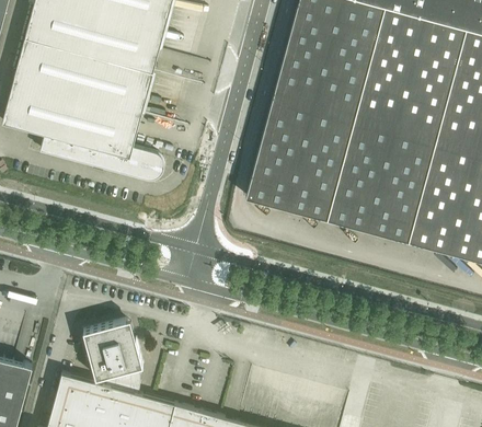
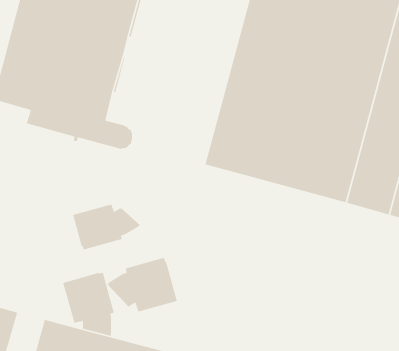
building: none -> [72,203,141,251]
building: none -> [107,257,178,313]

